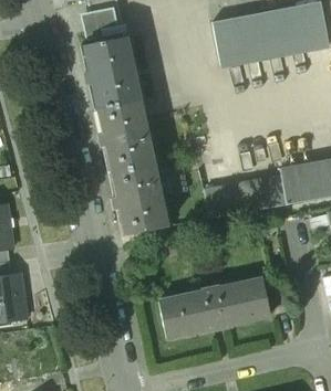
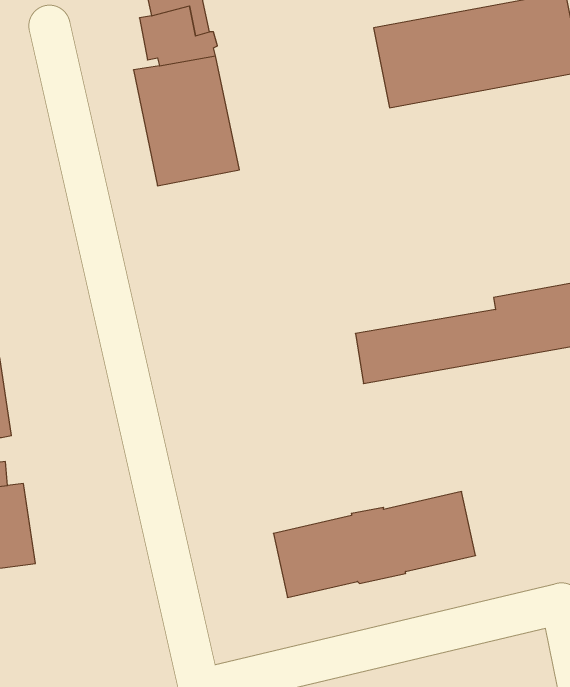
building: [94,99,166,233] -> none

